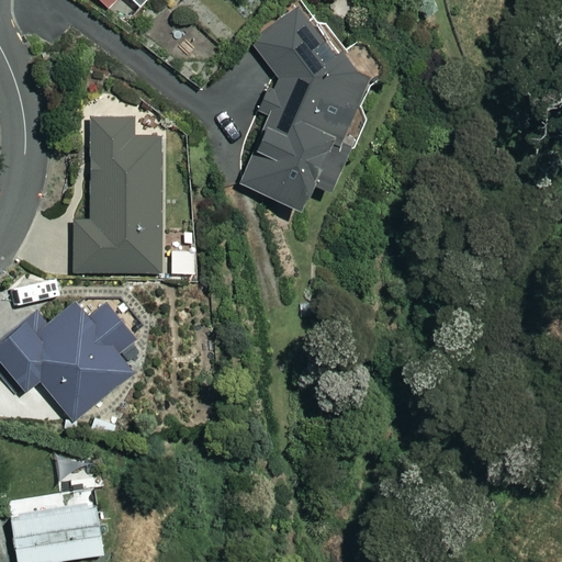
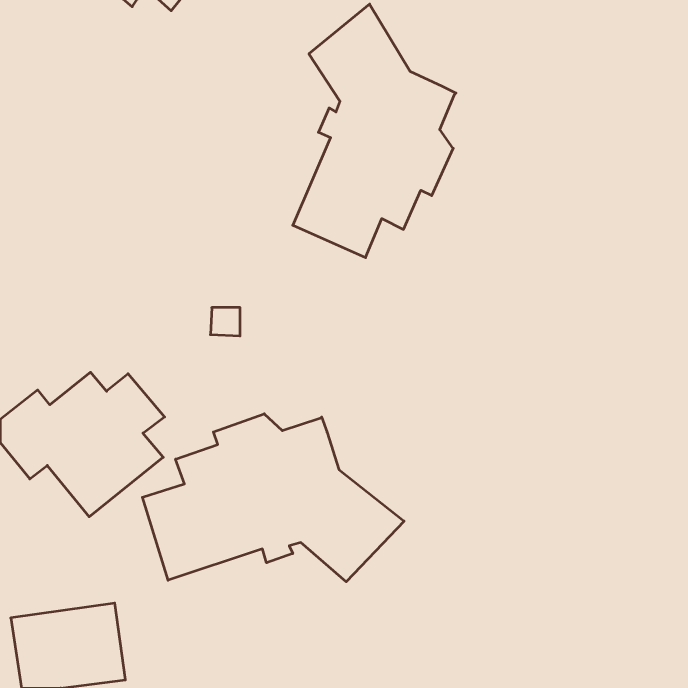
building: [75,117,161,270] -> none
building: none -> [142,414,404,582]

